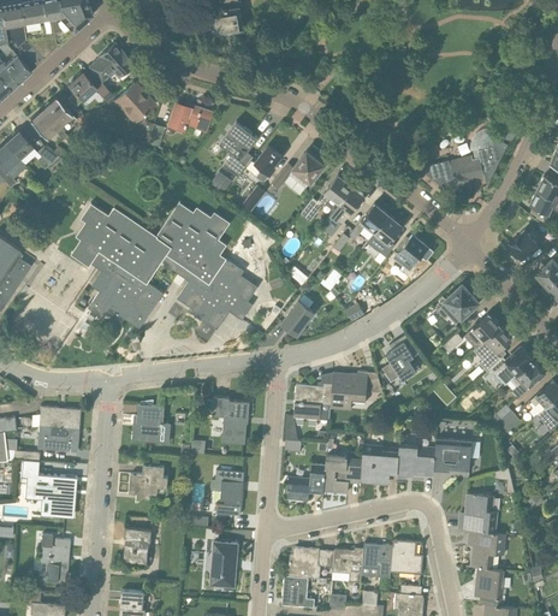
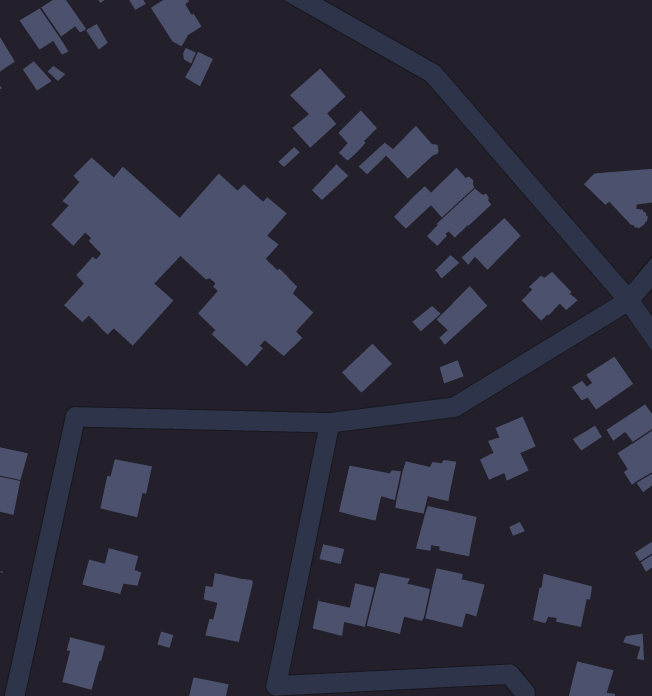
building: [166,102,210,132] -> none
building: [368,214,402,257] -> [436,285,488,346]
building: [212,397,249,443] -> none
building: [396,445,434,475] -> [415,506,478,557]

